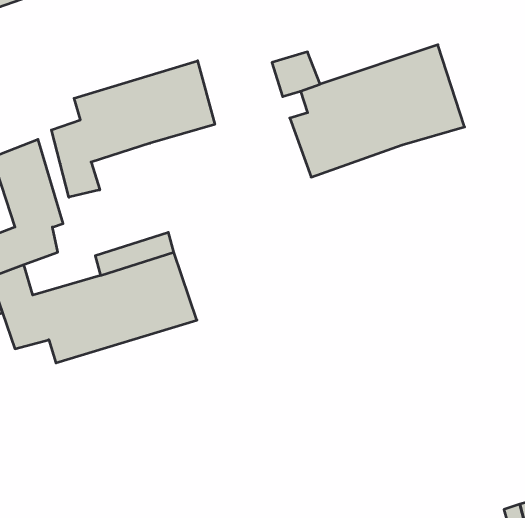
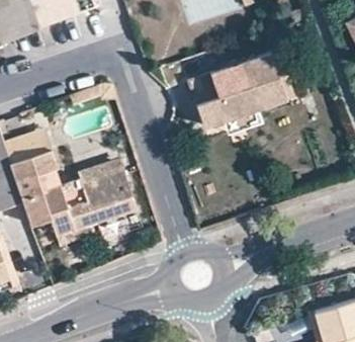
building: [51,61,215,197] -> none

